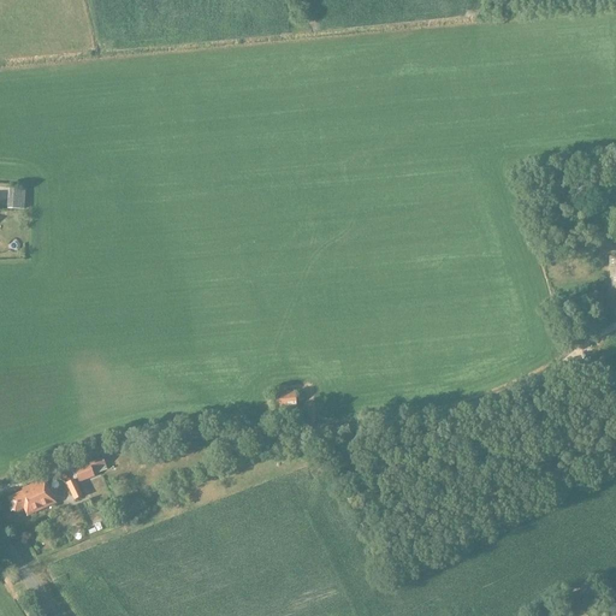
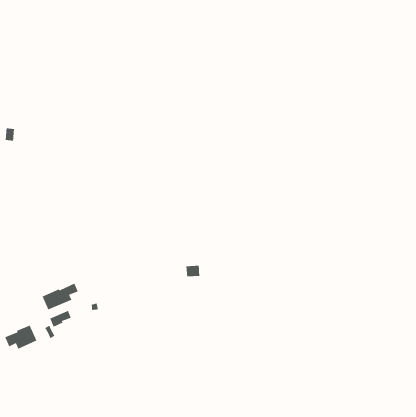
building: none -> [42,283,79,310]

